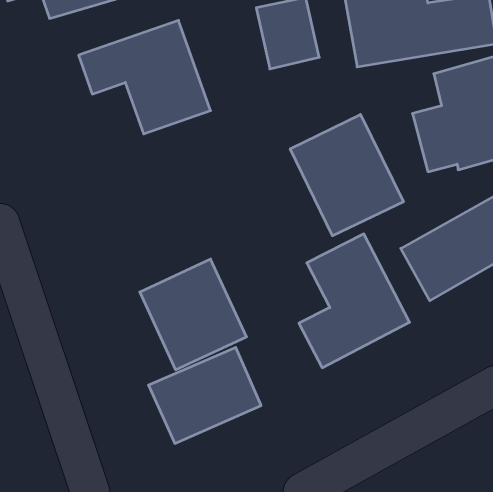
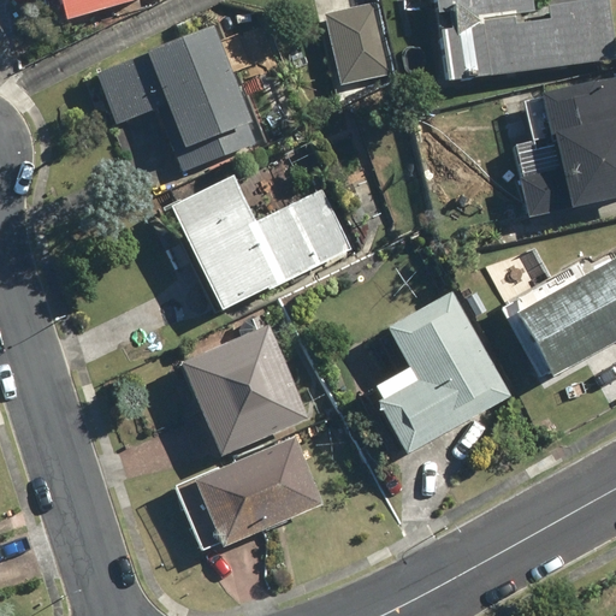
building: [290,114,403,236] -> none
building: none -> [168,174,353,310]

